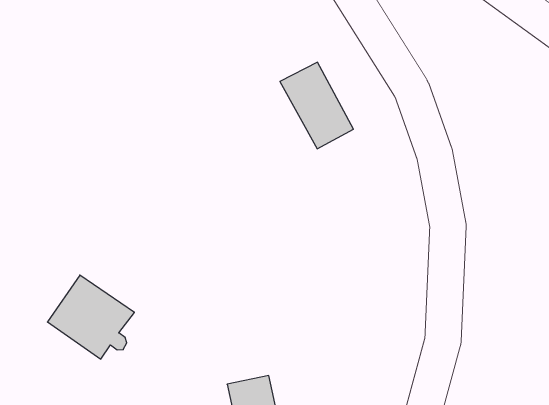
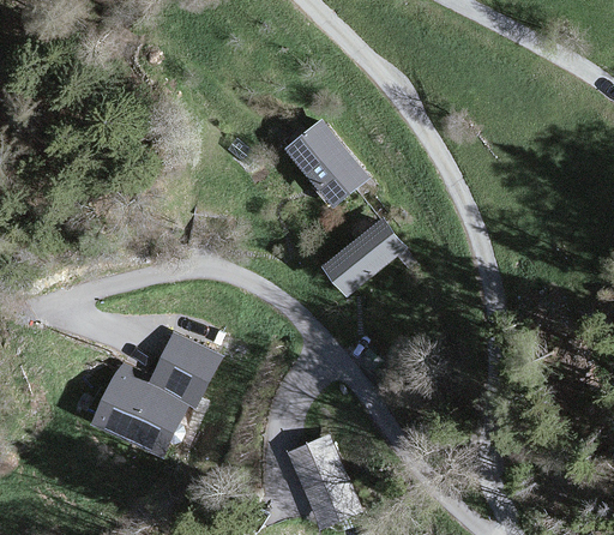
building: none -> [326,220,405,293]
building: none -> [158,338,213,393]

